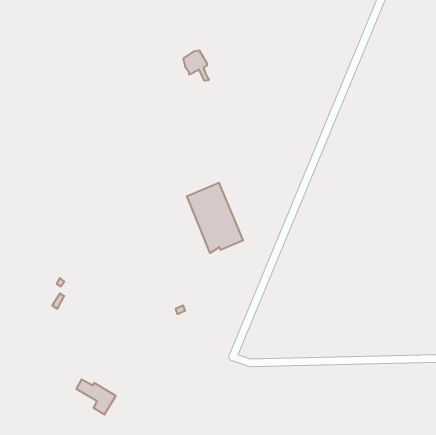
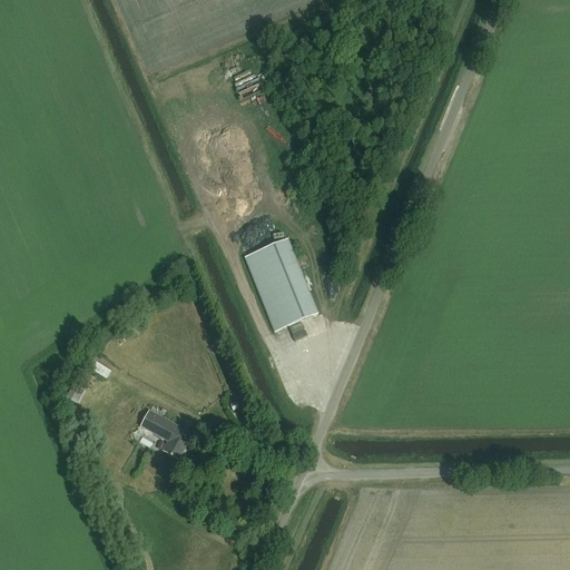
building: [76,379,116,415] -> [139,411,190,456]

